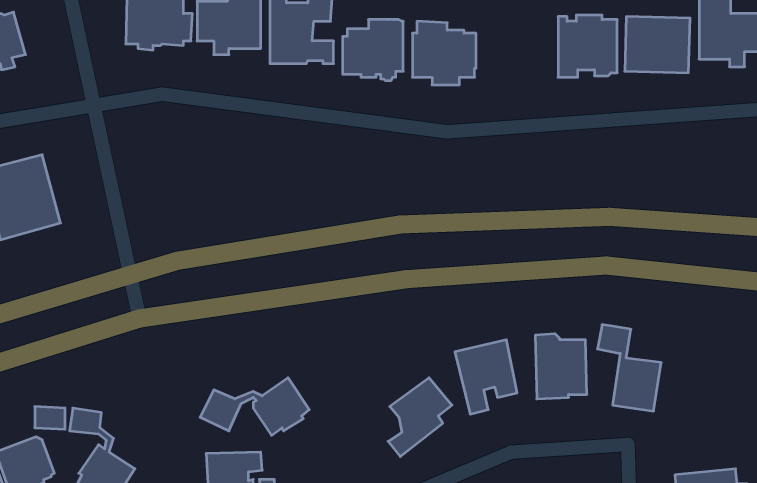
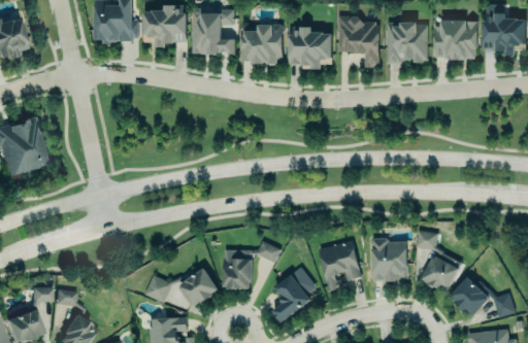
building: none -> [338,16,380,68]
building: none -> [224,241,282,288]
building: none -> [450,277,515,318]

